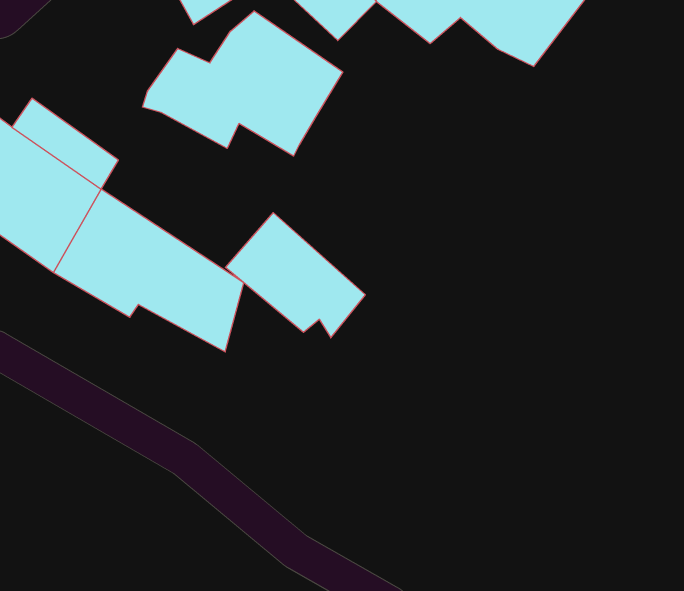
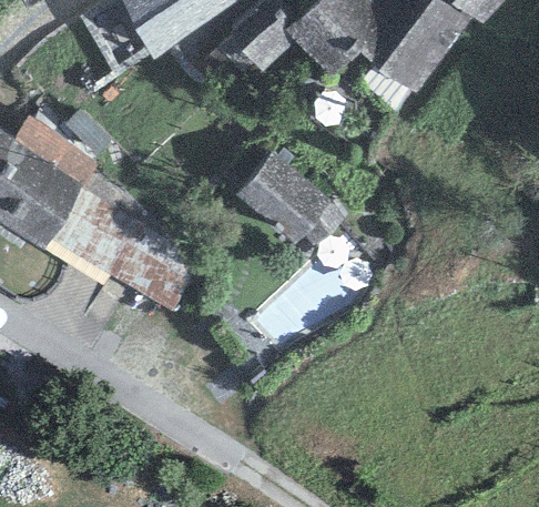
building: [143,11,343,156] -> none
building: [225,213,365,338] -> [235,150,343,246]

